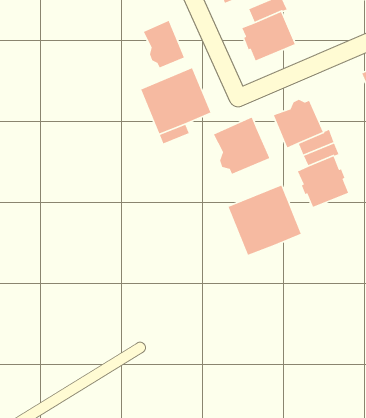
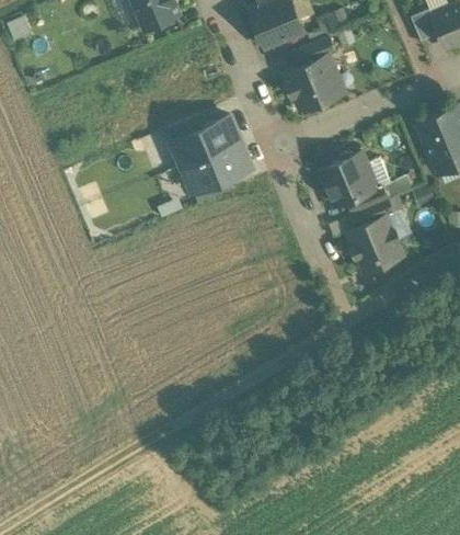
building: [143,20,185,68] -> none
building: [213,117,270,175] -> none
building: [227,184,302,256] -> none

